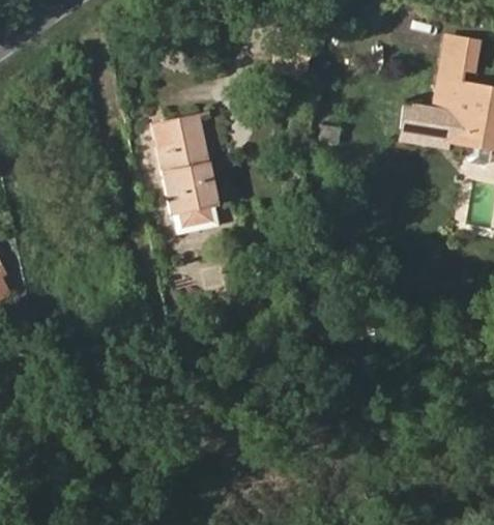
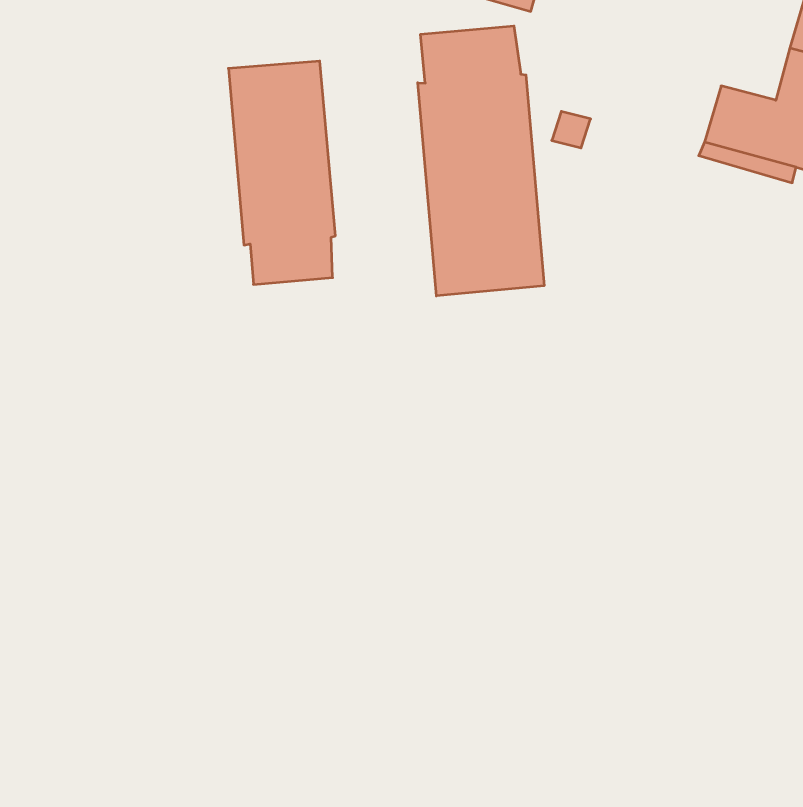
building: none -> [418,26,544,296]

